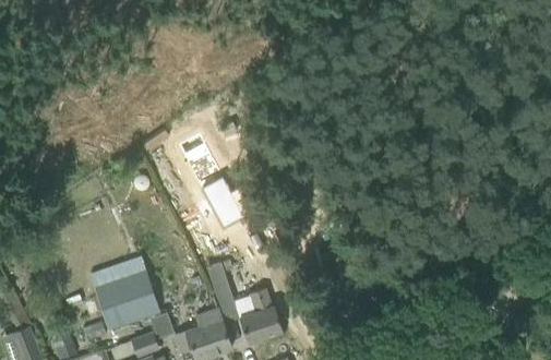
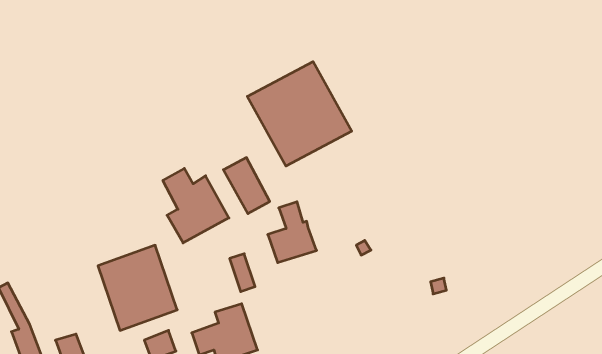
building: none -> [247,62,352,166]
building: none -> [163,168,229,243]
building: [240,288,284,343] -> [268,202,317,263]

